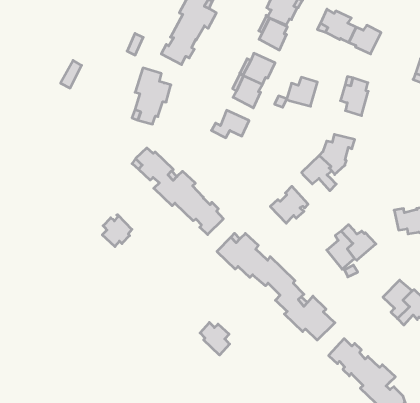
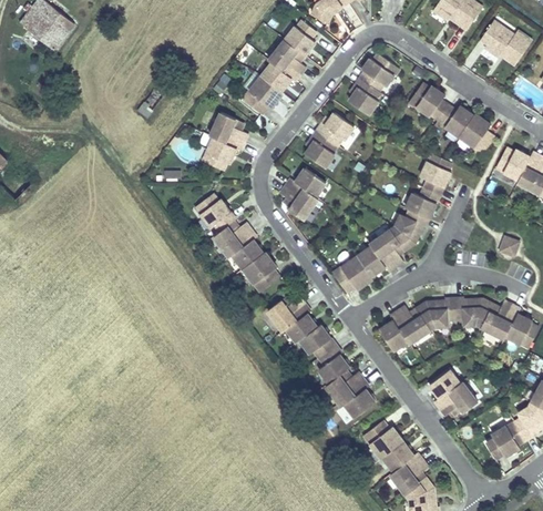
building: none -> [457,115,492,156]
building: [287,77,317,106] -> [402,188,437,219]
building: none -> [276,185,314,219]
building: none -> [354,246,391,277]
building: none -> [413,298,454,329]
building: [102,215,132,247] -> none
building: [200,322,230,355] -> none

